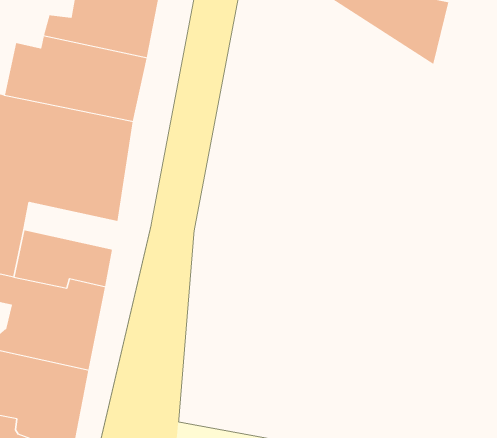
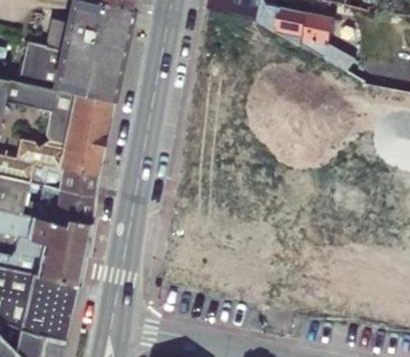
building: none -> [31,160,99,195]

